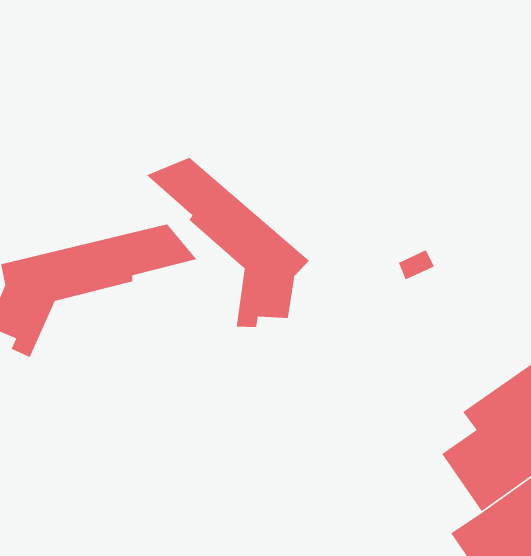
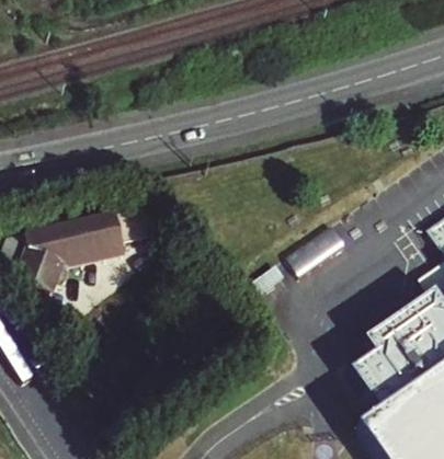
building: [146,157,310,328] -> none

